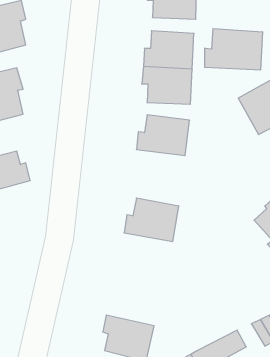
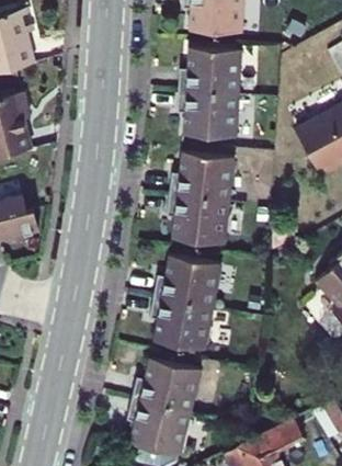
building: [205,29,262,70] -> none
building: none -> [168,194,230,246]
building: none -> [150,297,215,351]
building: none -> [133,357,202,412]

